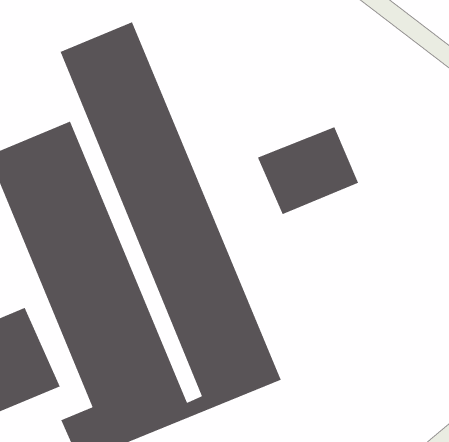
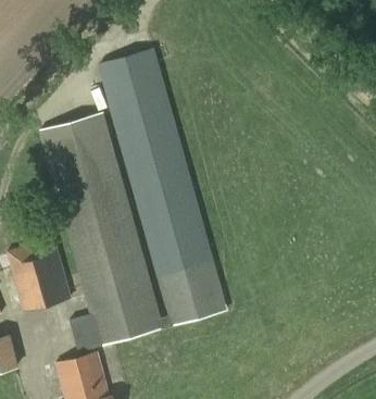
building: [257,126,359,215] -> none

